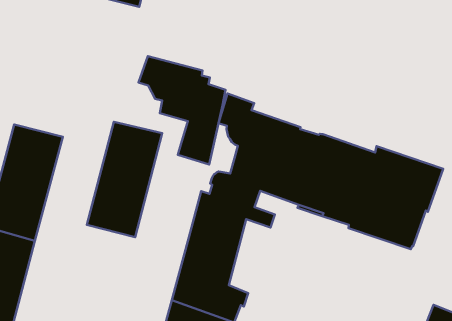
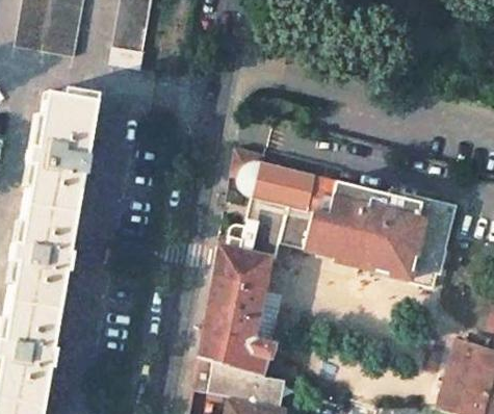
building: [138,56,225,165] -> none
building: [87,122,162,237] -> [27,93,94,205]

